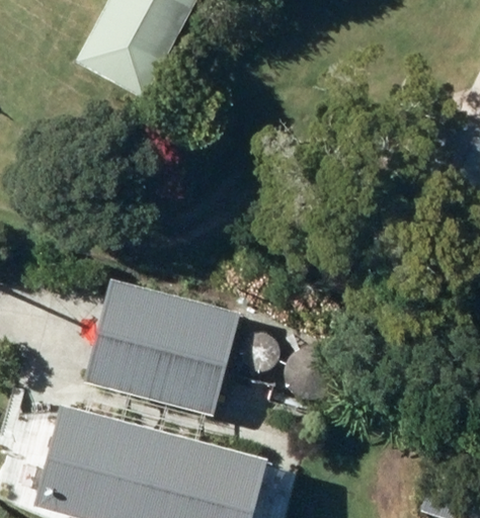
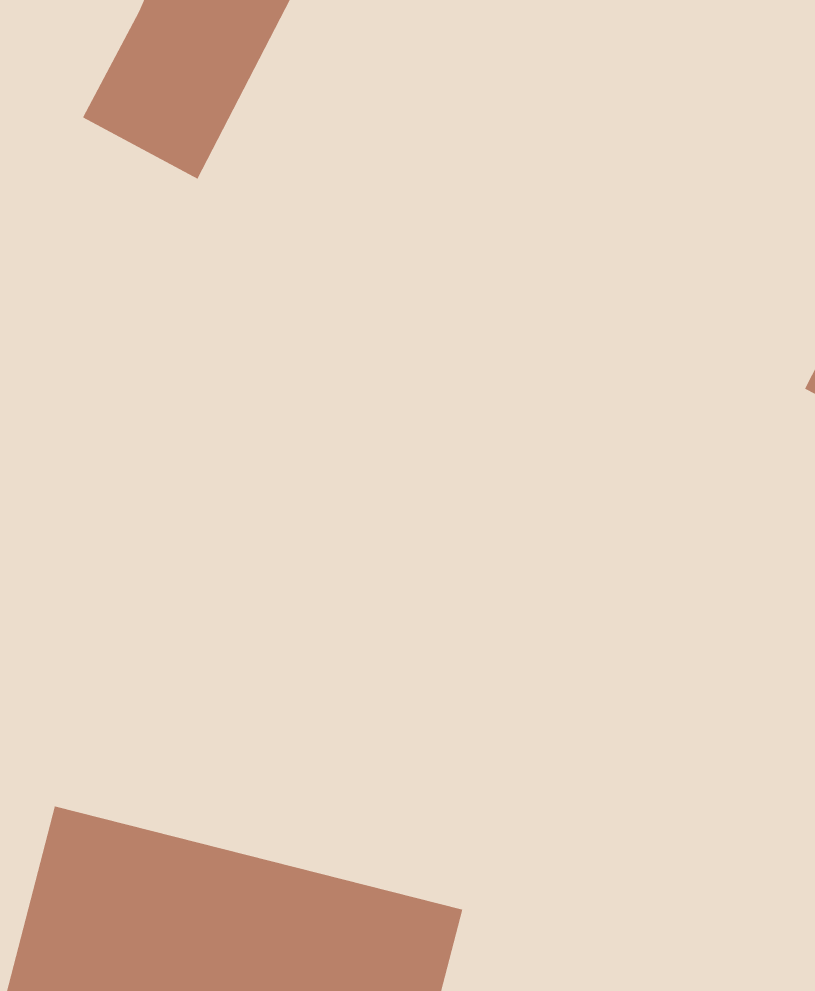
building: [91,286,235,414] -> none

